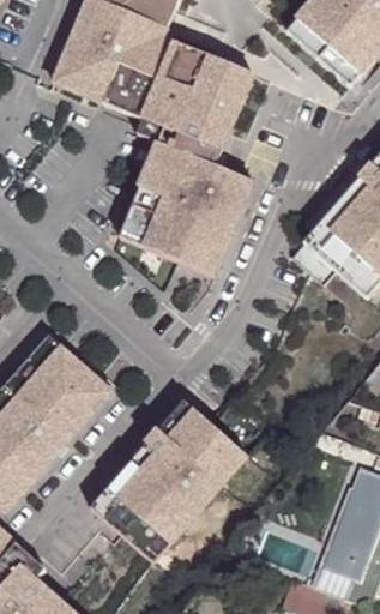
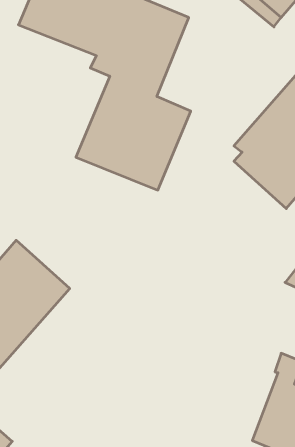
building: [92,403,247,562] -> none

